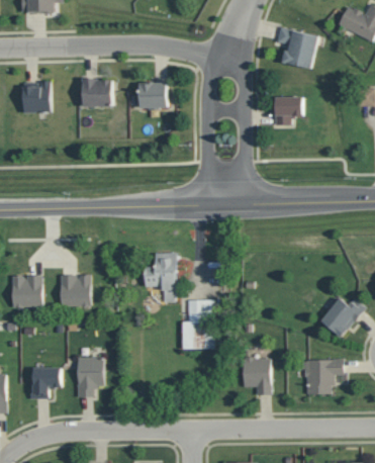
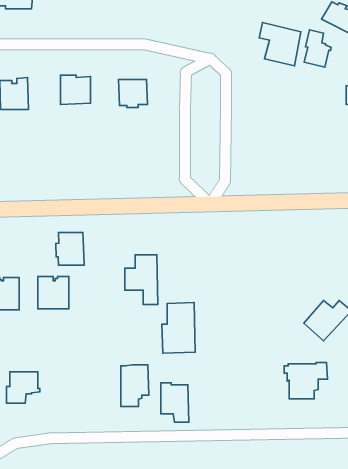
building: none -> [304,30,331,67]
building: [273,96,302,124] -> none
building: none -> [56,232,84,265]
building: [76,356,103,396] -> [121,365,149,406]
building: [243,356,270,394] -> [161,383,189,422]

